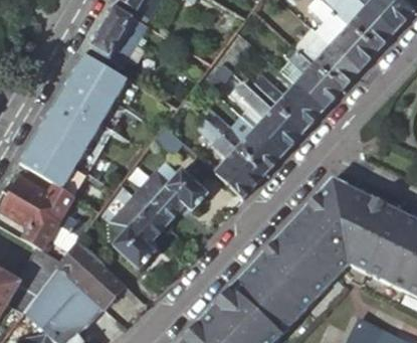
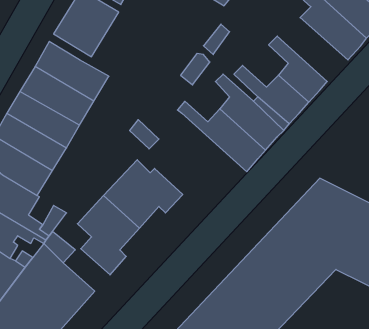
building: [282,28,359,89] -> none
building: [196,118,265,197] -> none

